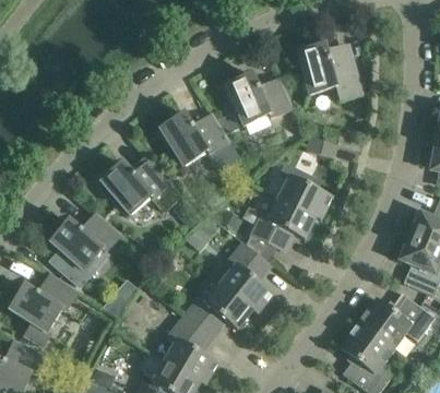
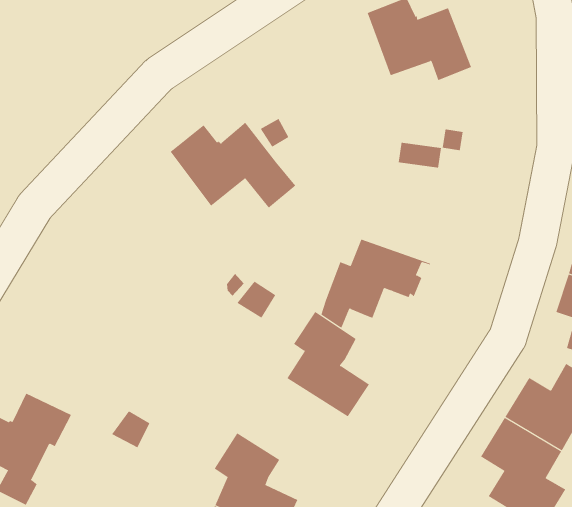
building: [225,73,292,126] -> none
building: [100,159,180,214] -> none
building: [277,165,332,218] -> none
building: [48,213,120,285] -> none
building: [183,283,257,335] -> none

